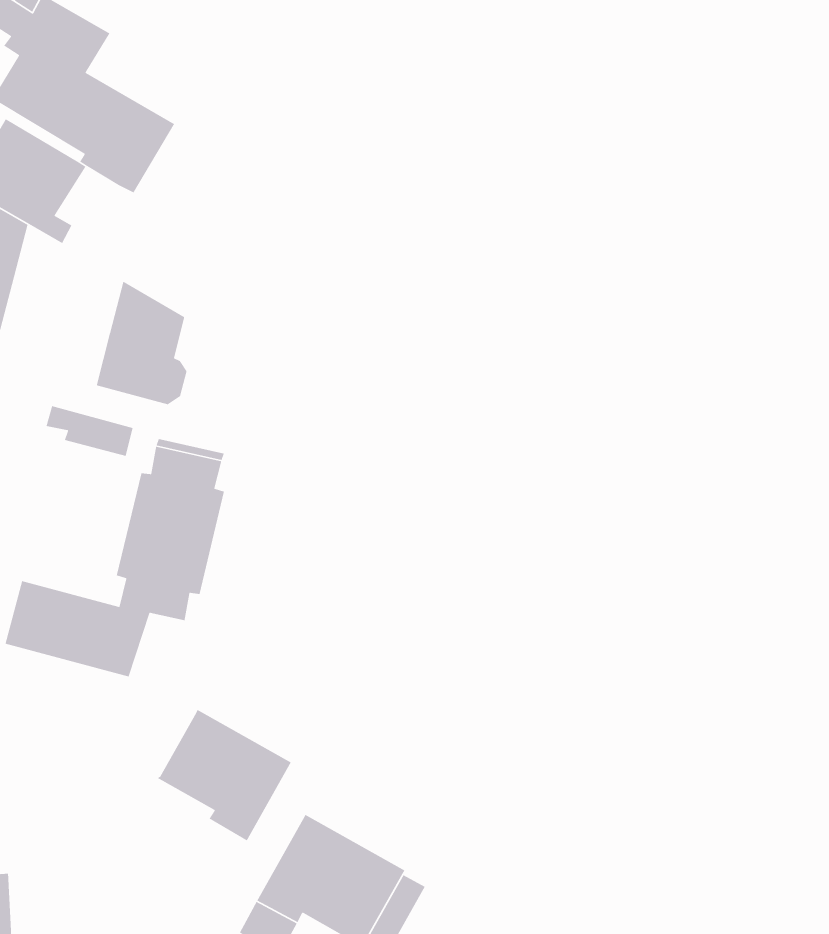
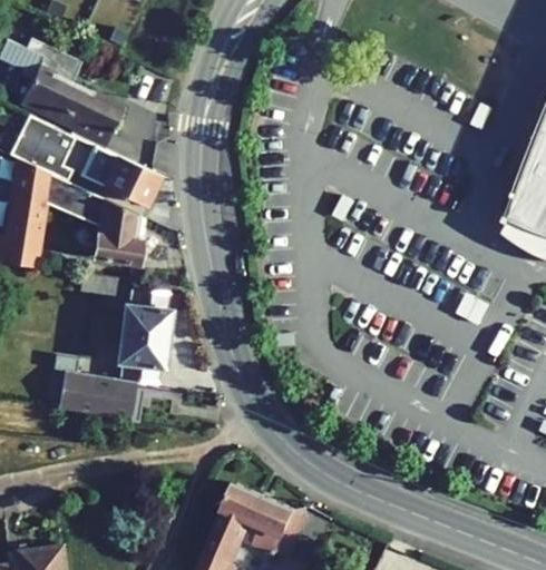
building: none -> [81,146,162,206]
building: none -> [42,173,103,228]
building: [156,709,292,841] -> none

